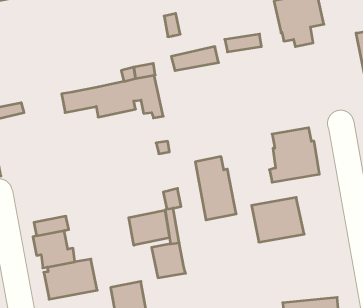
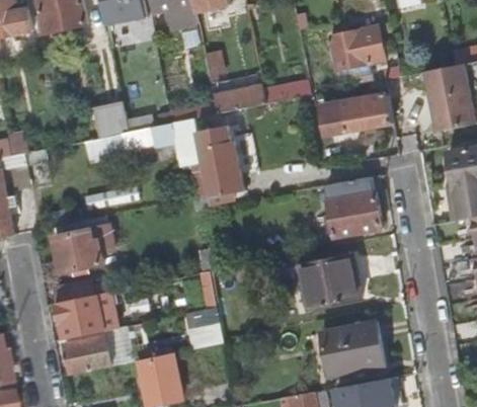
building: none -> [318,96,389,138]
building: none -> [91,100,128,139]
building: [195,157,236,220] -> [197,127,244,198]
building: none -> [56,230,103,271]
building: [129,210,169,245] -> none
building: none -> [321,325,385,378]

